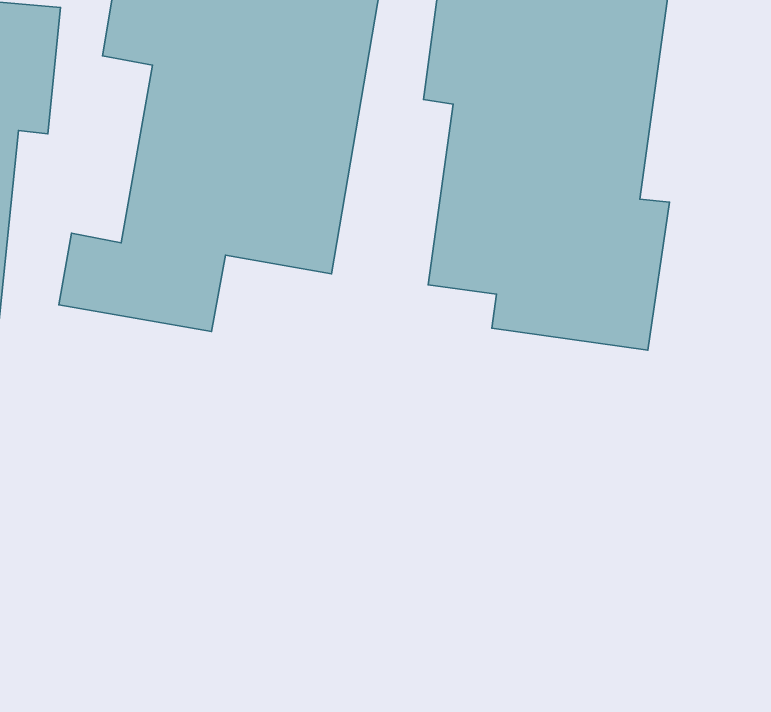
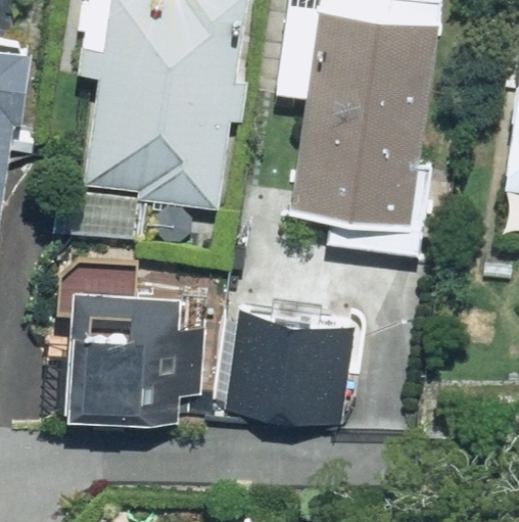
building: none -> [66,280,208,422]
building: none -> [220,306,352,432]

